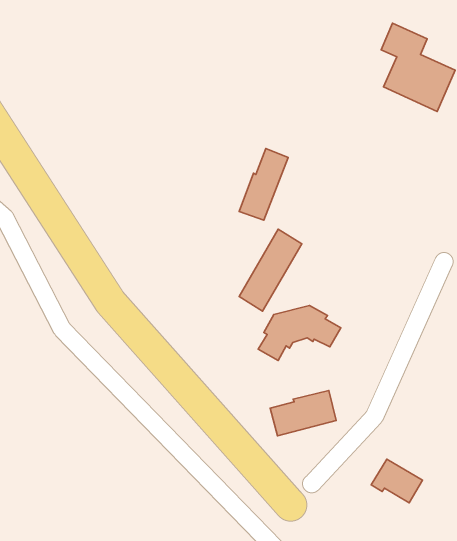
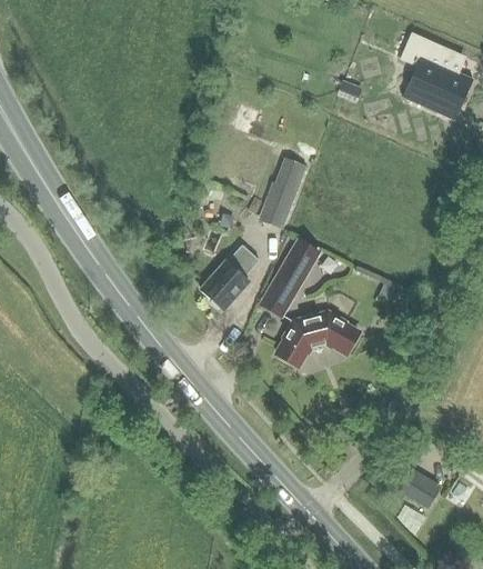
building: none -> [201,246,260,310]
building: [270,390,336,436] -> none

